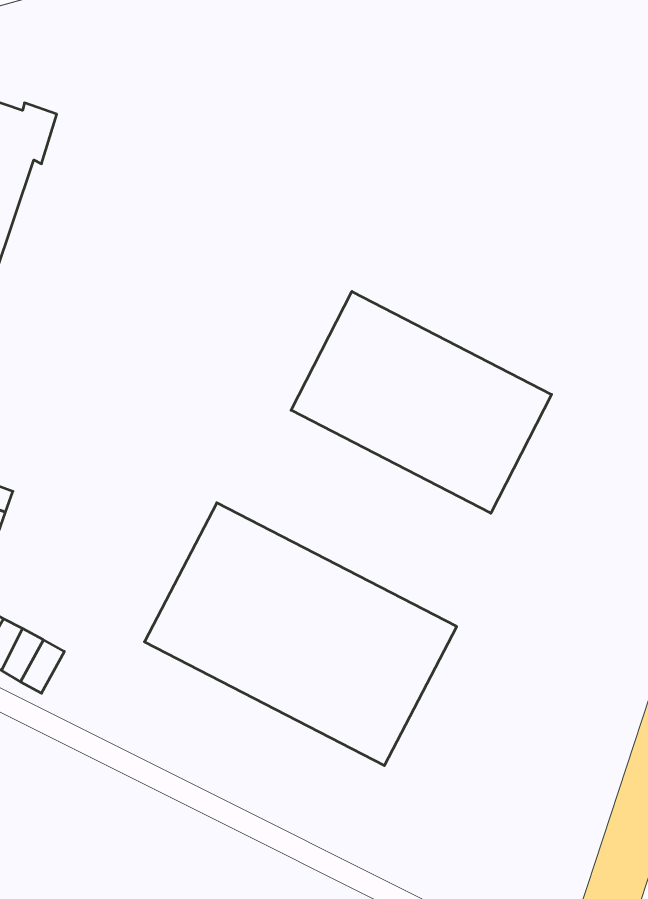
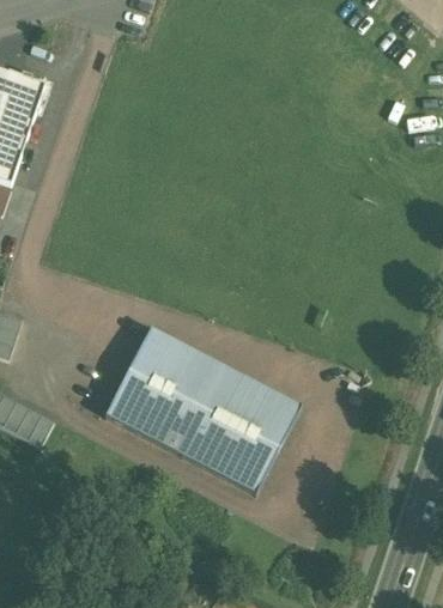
building: [291,291,552,513] -> none

